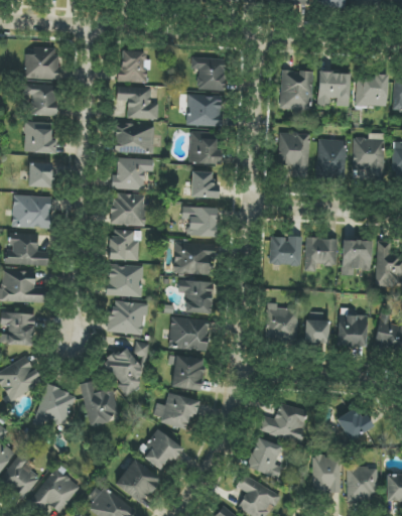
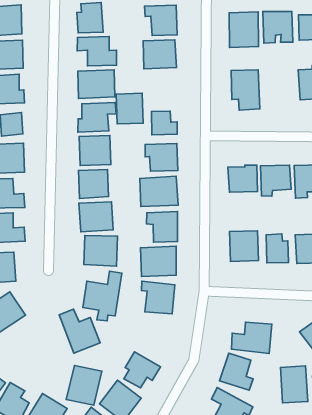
building: [189,131,219,164] -> [116,93,143,124]
building: [318,139,346,178] -> none
building: [34,385,75,429] -> [66,365,102,405]
building: [153,392,199,429] -> none

